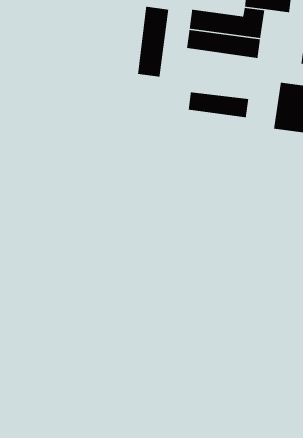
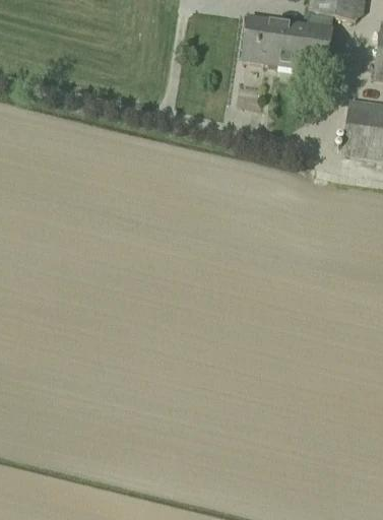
building: [137,6,169,77] -> none
building: [188,92,249,118] -> none

